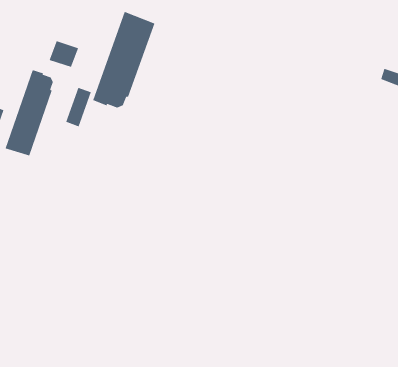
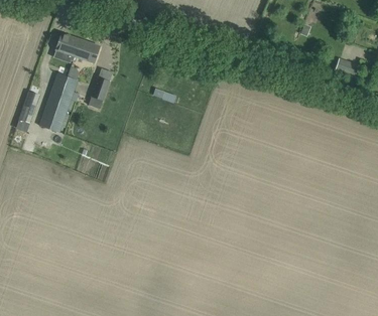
building: [92,11,155,108] -> none
building: none -> [55,32,81,55]

